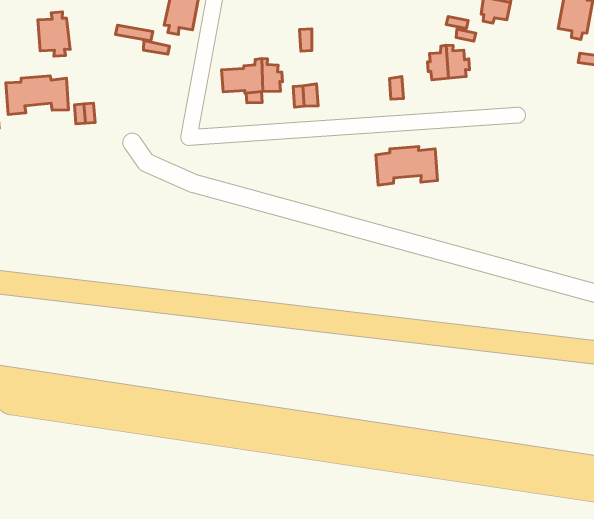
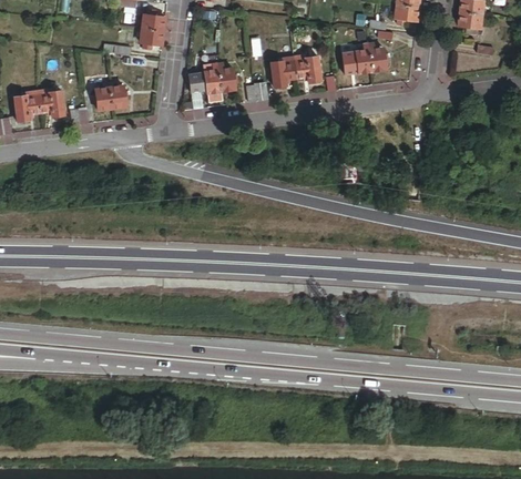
building: [38,12,70,56] -> none
building: none -> [93,82,127,110]
building: [376,147,437,185] -> [270,54,321,88]

